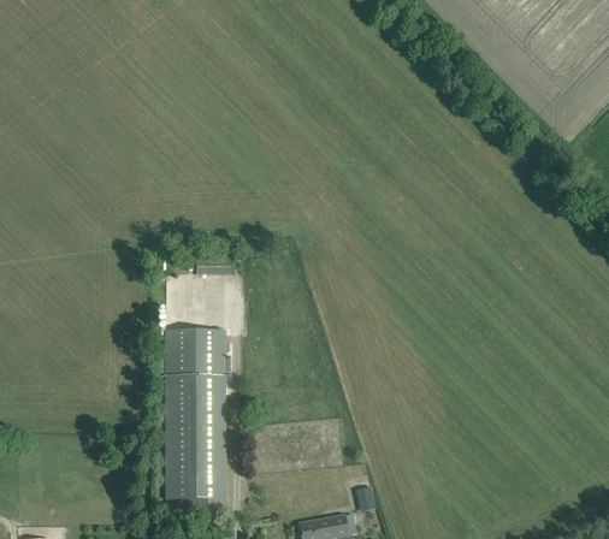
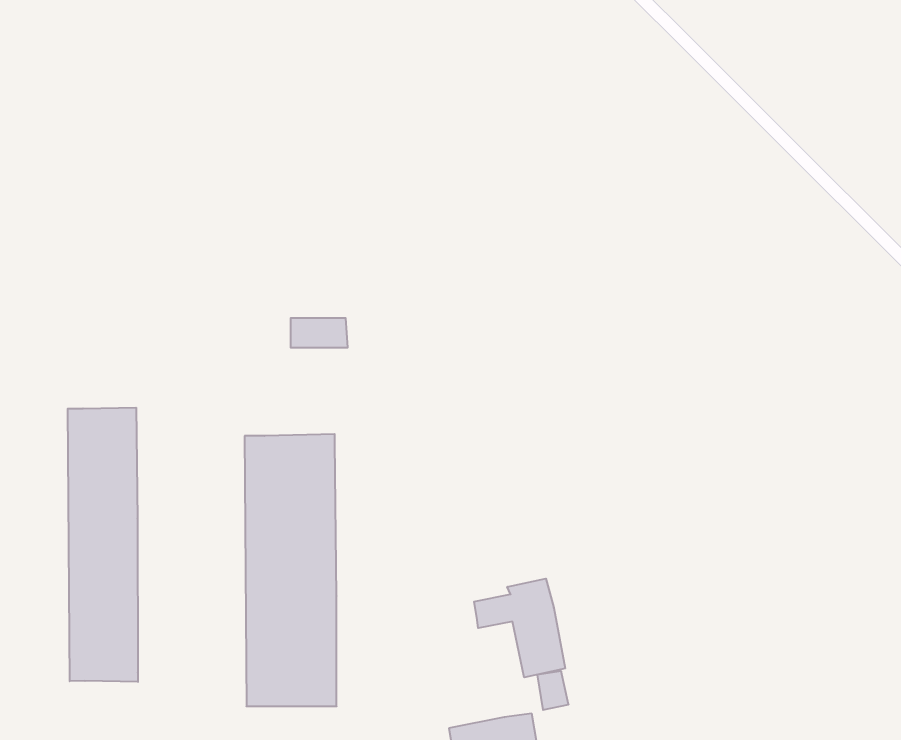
building: none -> [68,408,138,682]
building: none -> [474,579,565,677]

